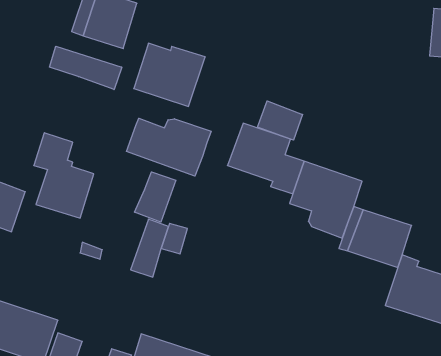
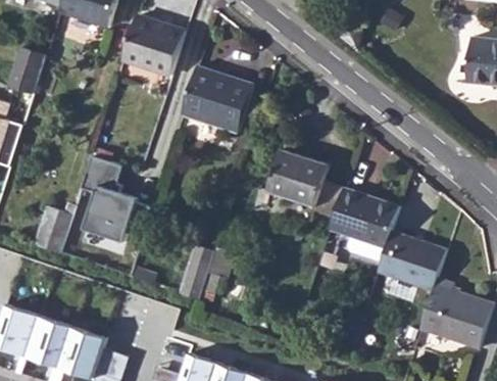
building: [50,46,122,90] -> none
building: [257,101,303,140] -> none
building: [127,118,211,176] -> none
building: [135,172,176,222] -> none

